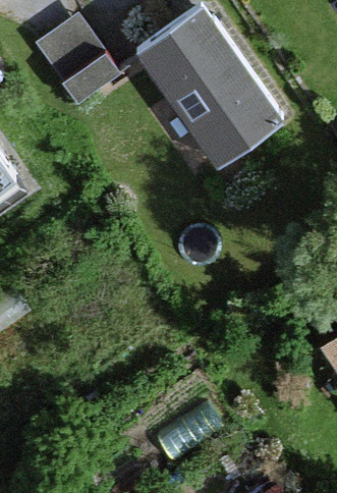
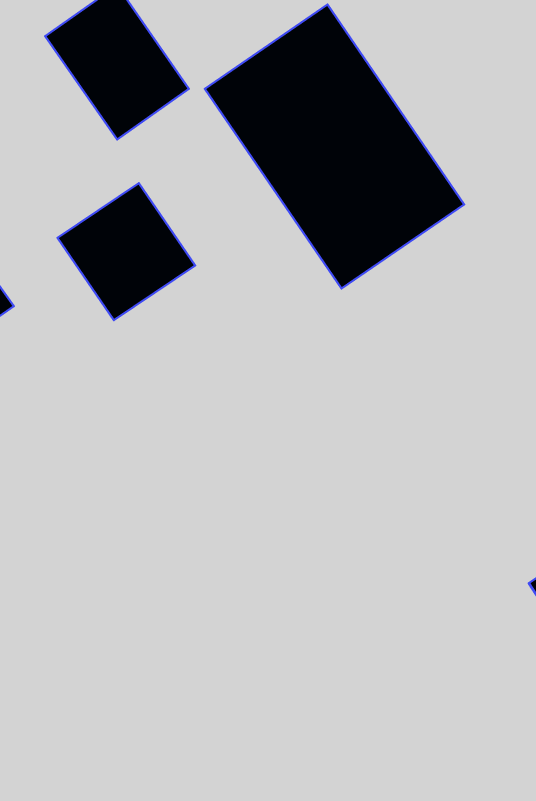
building: none -> [58,183,195,320]

